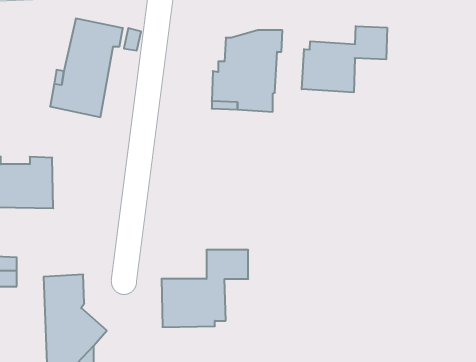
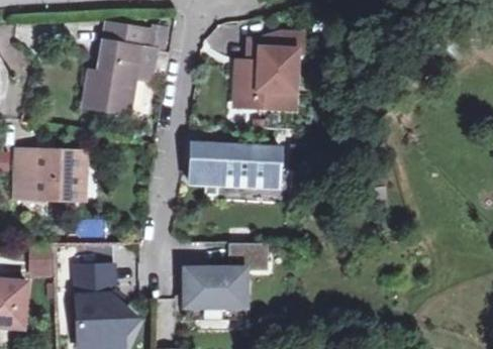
building: [302,26,387,92] -> none
building: none -> [189,145,278,195]

